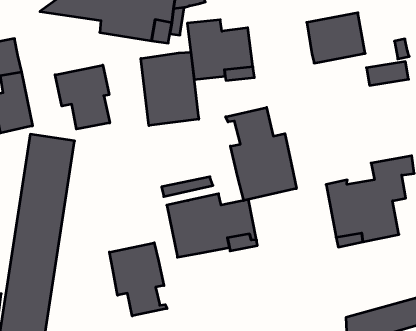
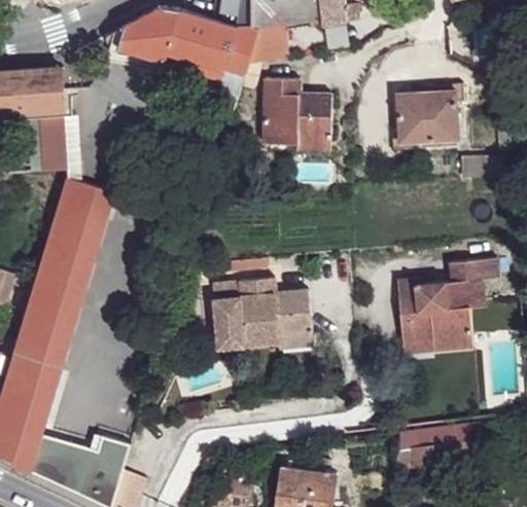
building: [141,52,199,126] -> none
building: [55,65,110,129] -> none
building: [226,107,296,201] -> none
building: [109,243,167,316] -> none

